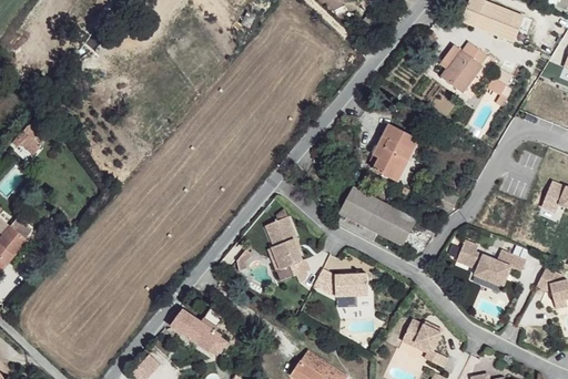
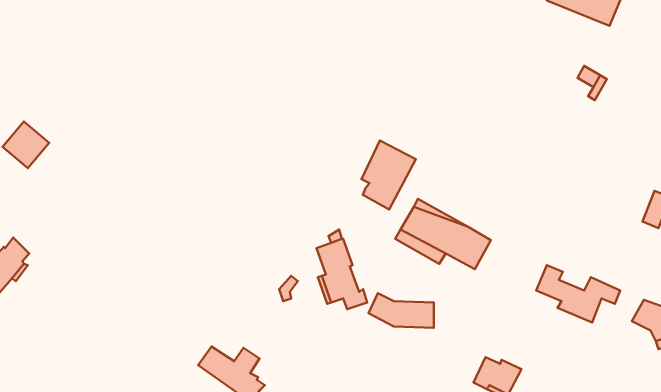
building: [439,42,486,92] -> none
building: [373,123,418,181] -> [361,140,416,210]

